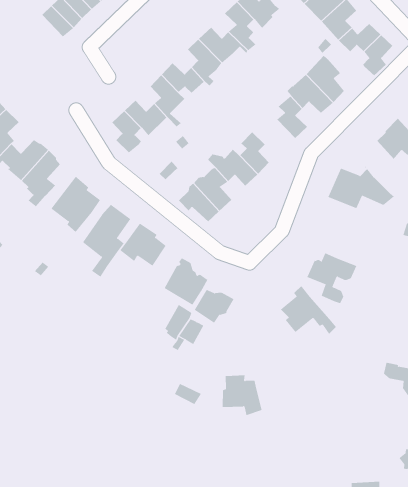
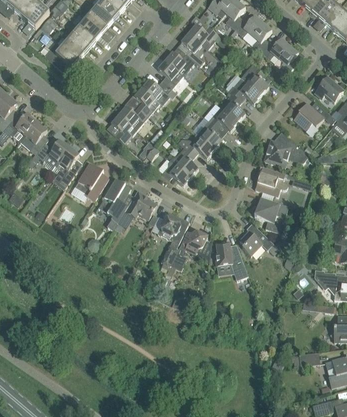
building: none -> [207,106,237,131]
building: none -> [254,167,287,196]
building: [222,375,262,416] -> [214,241,243,269]

